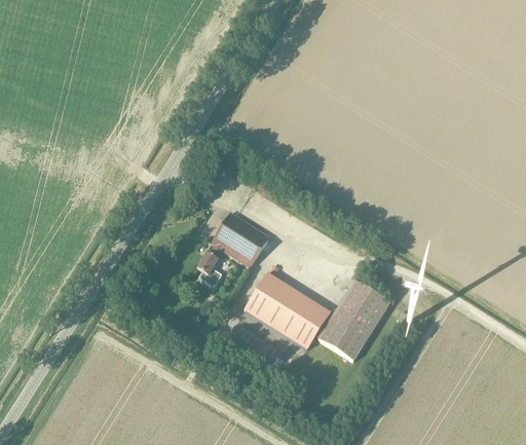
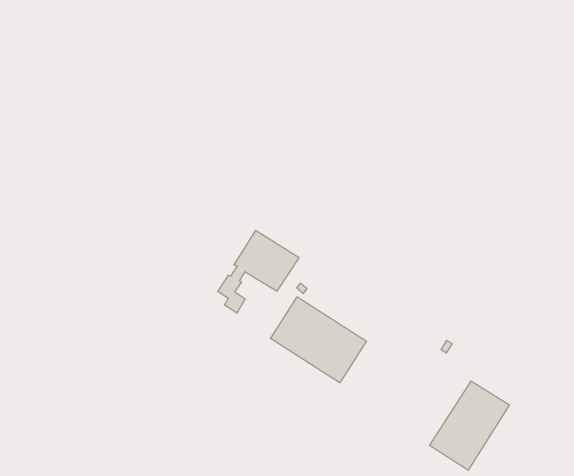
building: [317,280,389,360] -> [430,381,510,470]

